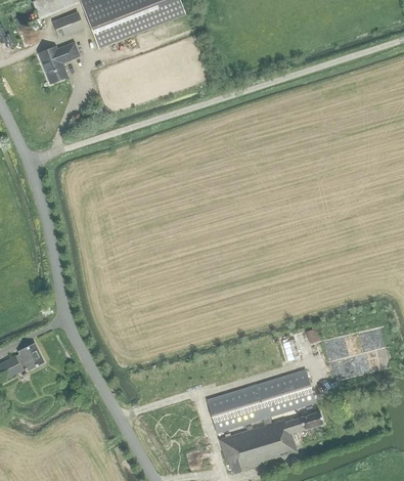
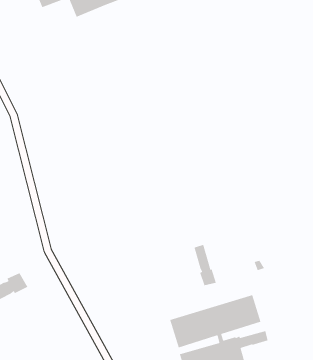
building: [38,42,78,82] -> none
building: none -> [193,244,217,286]

